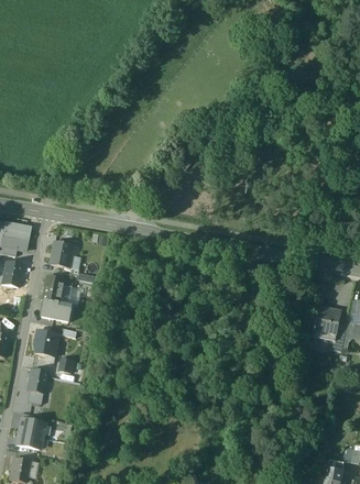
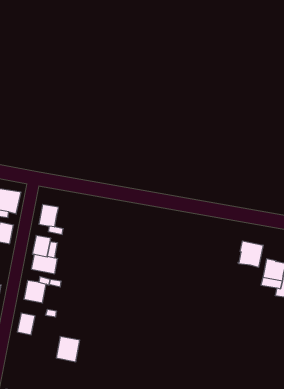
building: none -> [238,241,263,267]
building: [17,419,44,449] -> [56,336,80,362]

